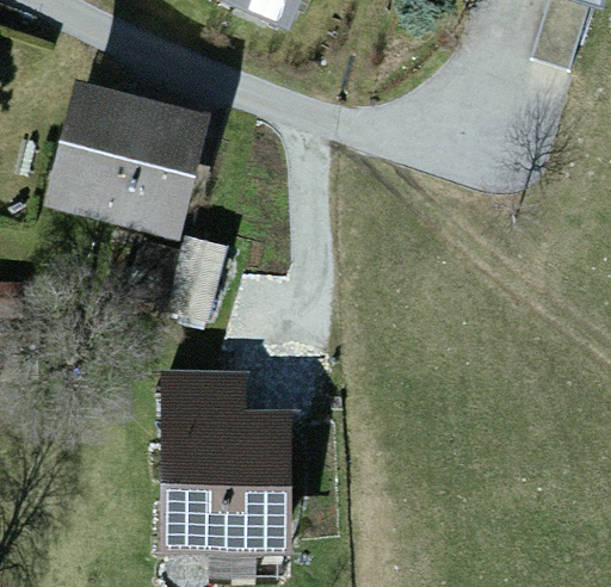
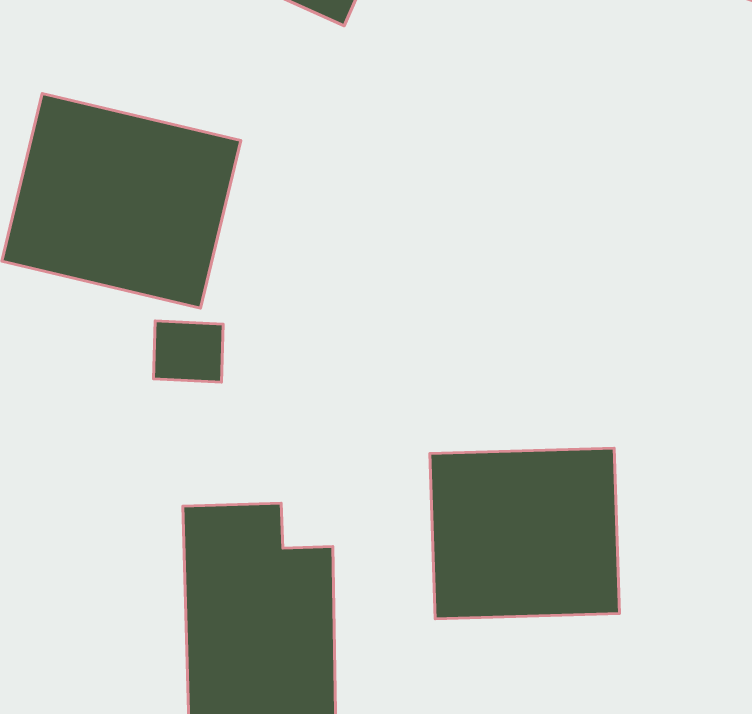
building: none -> [430,448,620,619]

